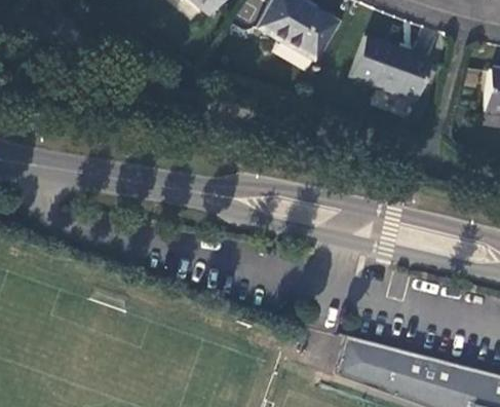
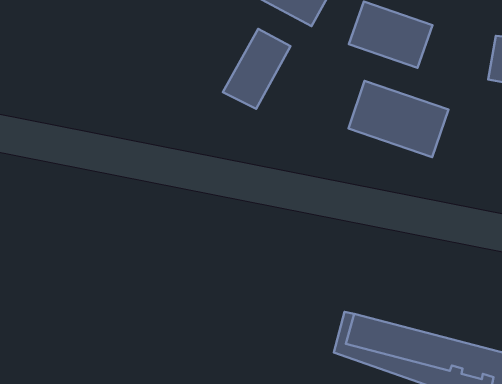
building: none -> [223,29,290,109]
building: none -> [348,81,448,157]

